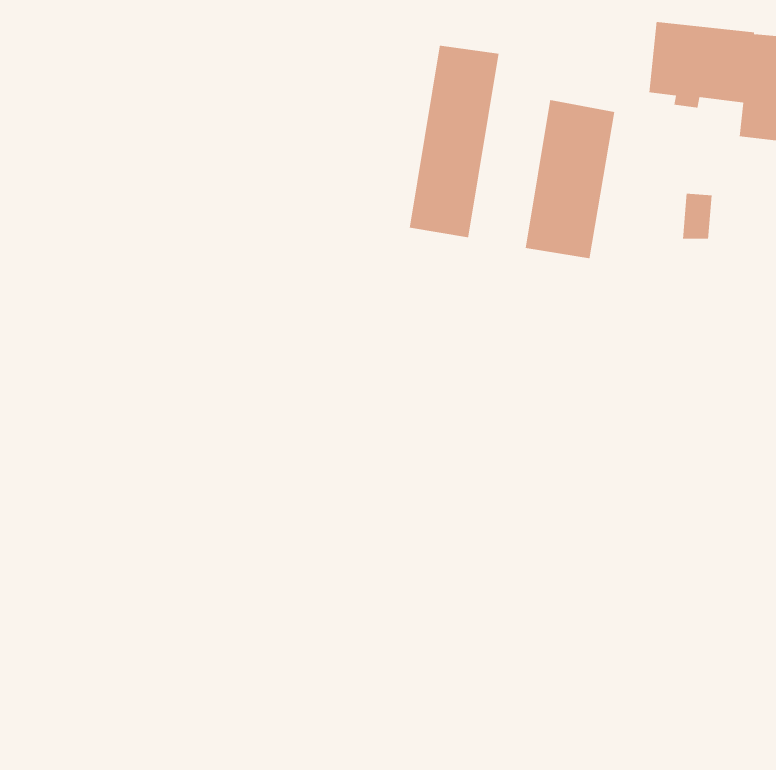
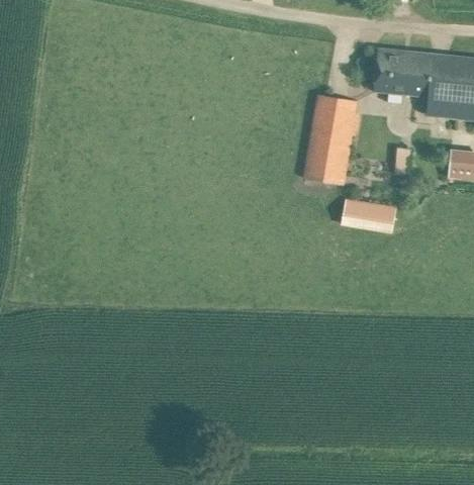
building: [409,45,499,238] -> none
building: none -> [342,198,394,230]

